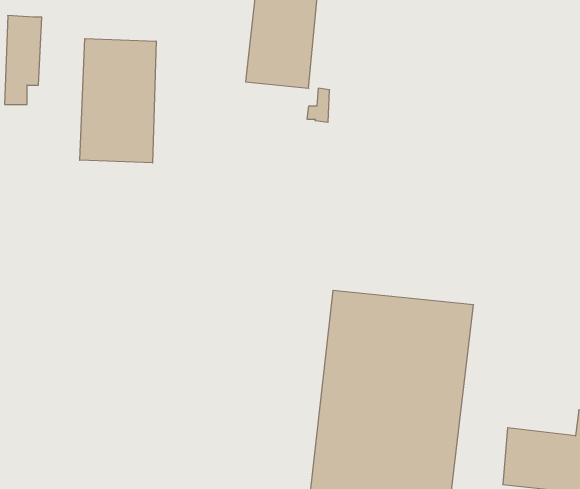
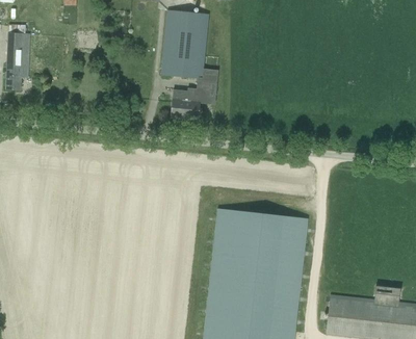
building: [80,39,156,163] -> none
building: none -> [172,89,200,120]

